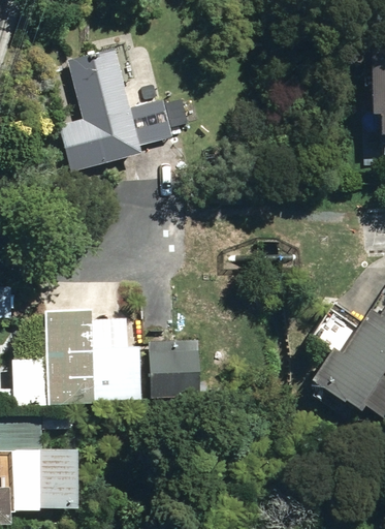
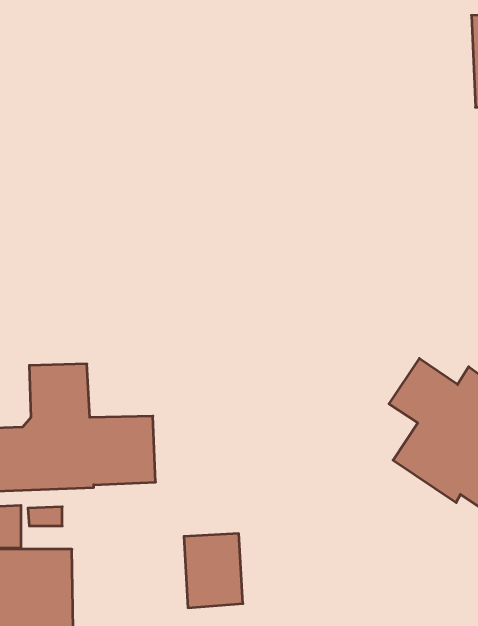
building: [62,49,173,173] -> none
building: [152,345,196,401] -> [184,534,243,608]

